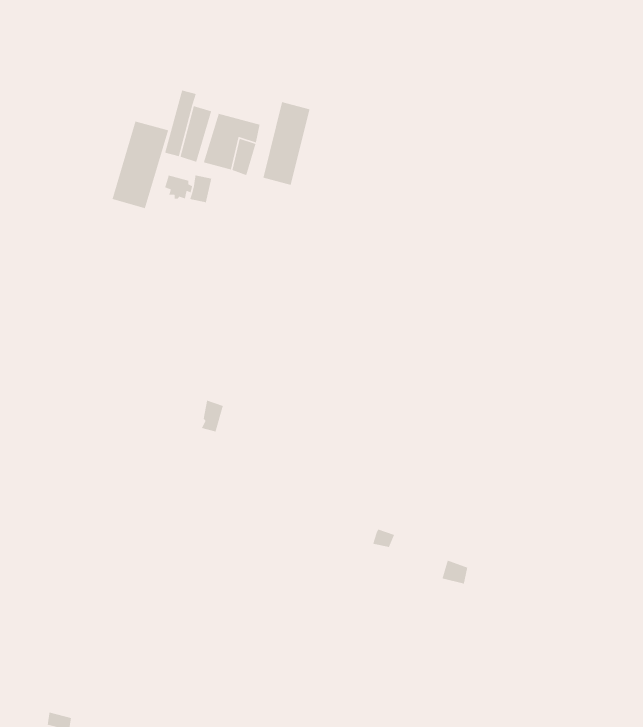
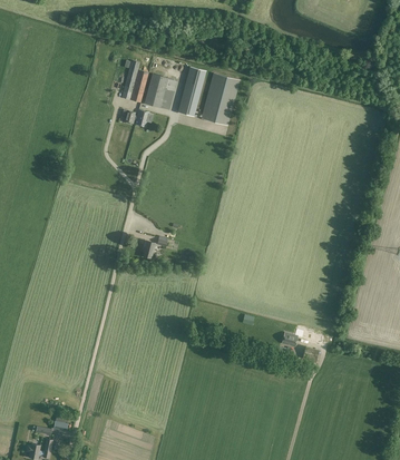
building: none -> [202,72,238,125]
building: [112,120,169,209] -> none

